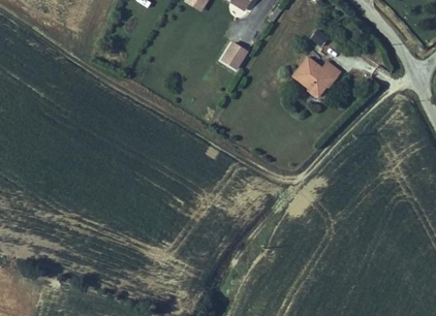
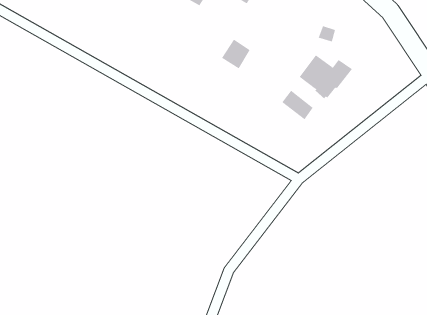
building: none -> [281,90,313,120]

